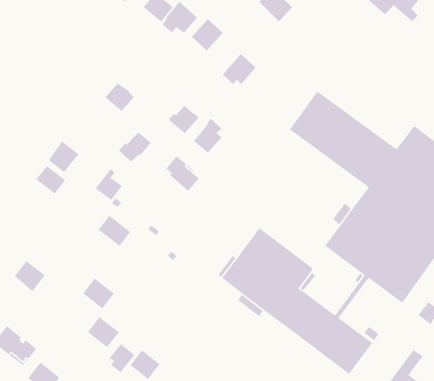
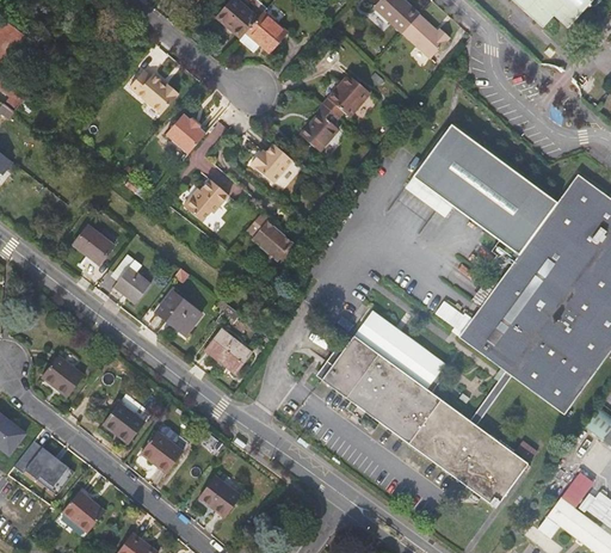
building: none -> [401,13,448,57]
building: [191,18,224,52] -> none
building: none -> [129,69,179,113]
building: [193,118,222,153] -> [300,103,339,150]
building: [48,140,79,173] -> none
building: [94,168,123,201] -> [113,259,152,303]
building: none -> [204,328,252,374]
building: [82,278,115,310] -> [104,398,148,441]
building: [108,343,136,373] -> none

